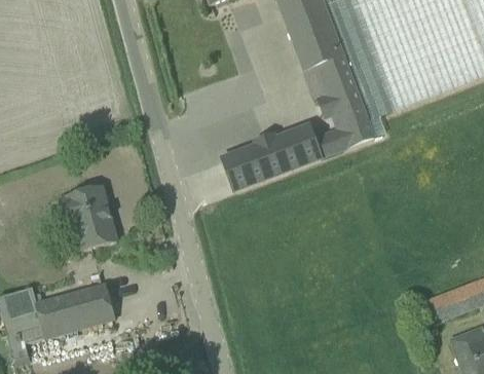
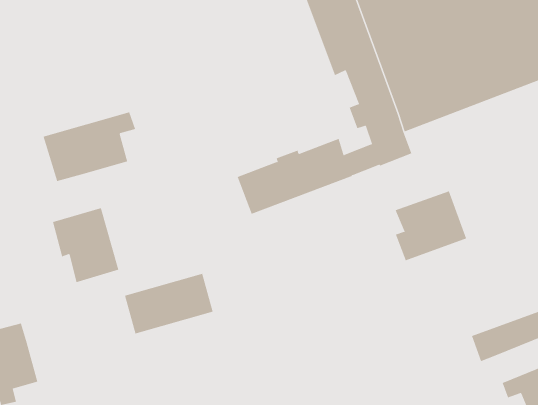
building: none -> [43,112,136,182]
building: none -> [395,191,467,261]
building: [37,284,115,337] -> [124,273,214,334]

